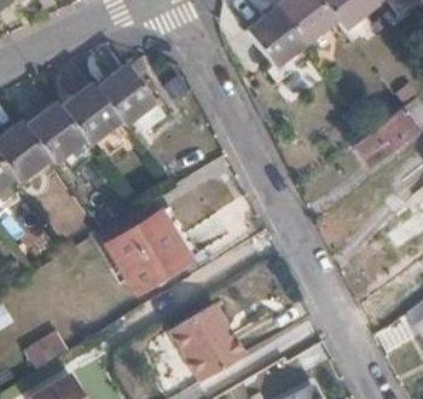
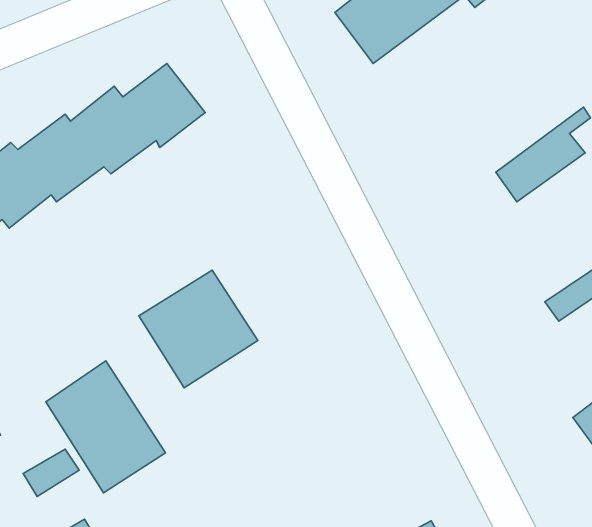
building: none -> [46,361,166,493]
building: [170,301,247,380] -> none

